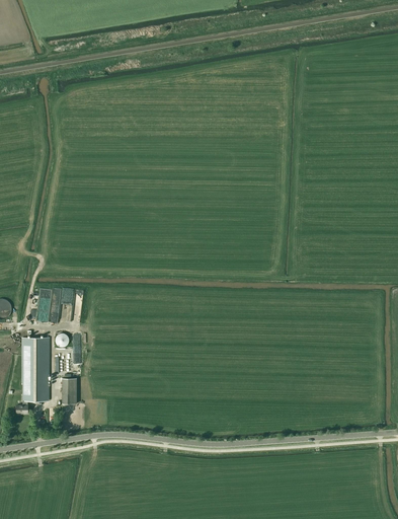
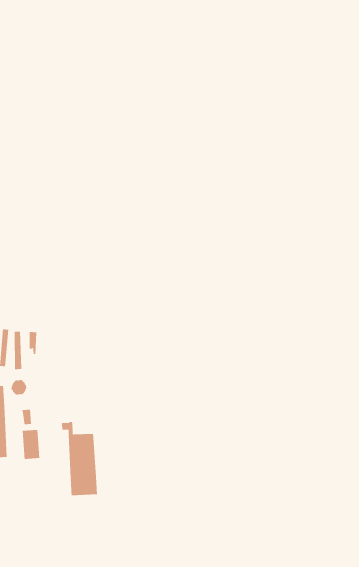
building: none -> [62,421,97,496]

